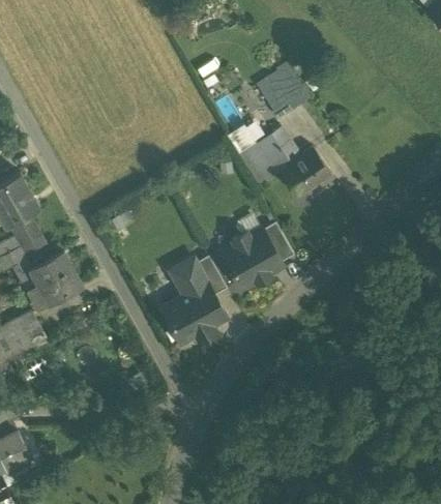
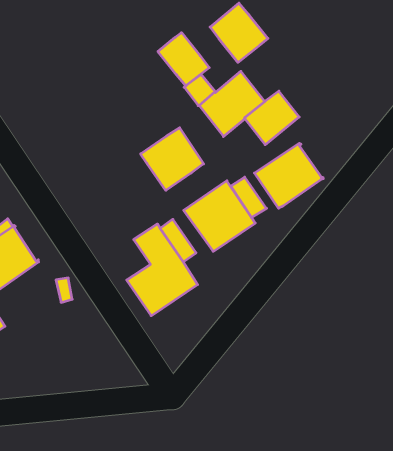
building: none -> [158,33,209,86]
building: none -> [141,128,204,190]
building: none -> [254,143,323,208]

